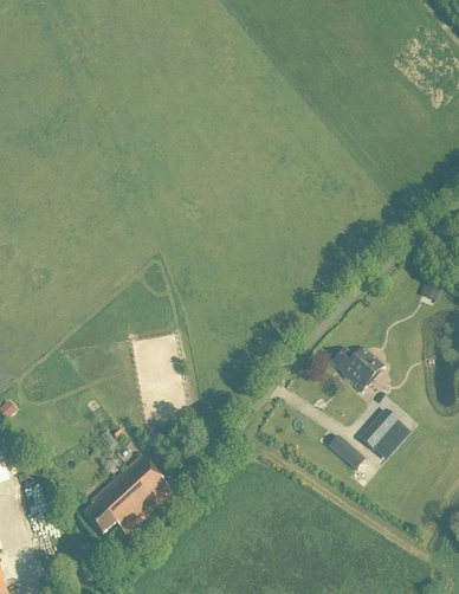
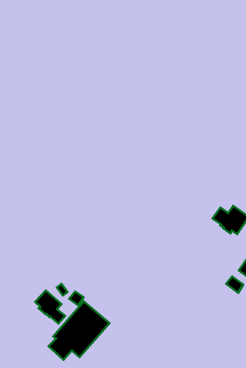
building: none -> [35,290,65,324]

